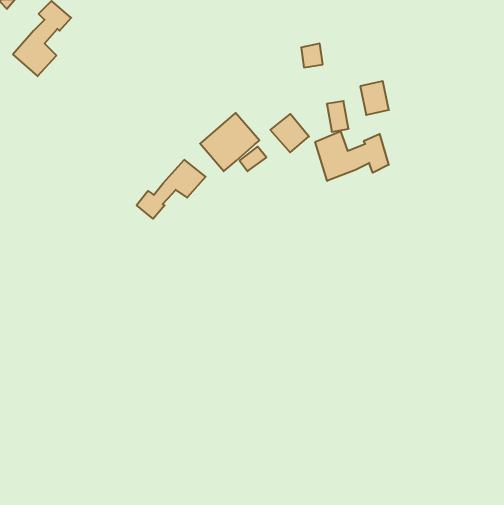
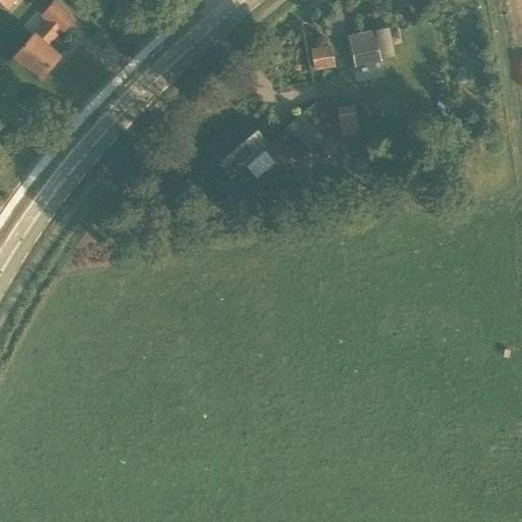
building: [360,81,389,115] -> [352,31,381,65]
building: [315,131,389,181] -> none
building: [137,160,206,219] -> none

